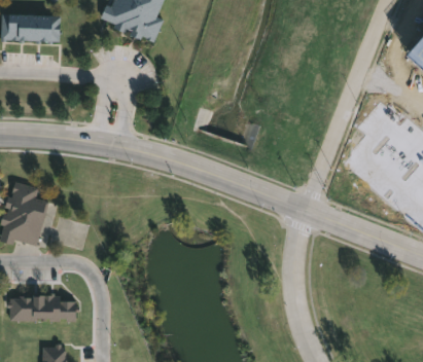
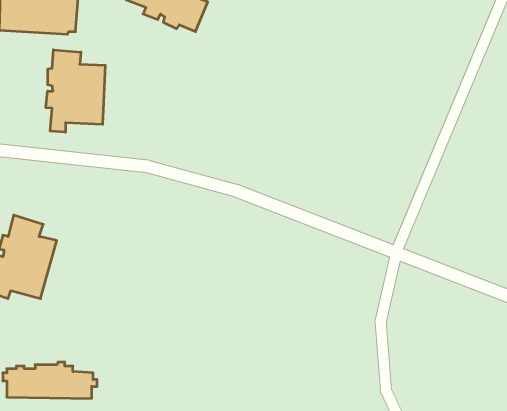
building: none -> [46,50,105,132]

